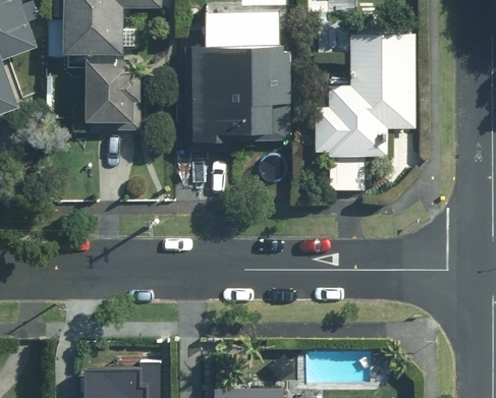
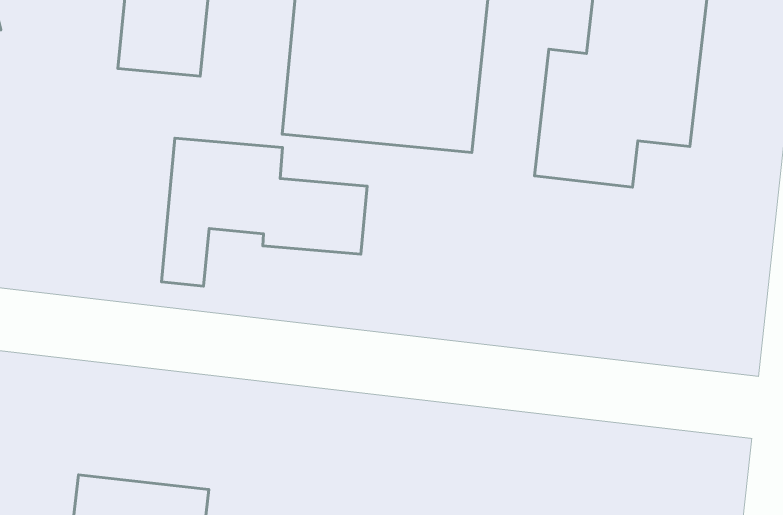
building: none -> [161,138,367,286]

